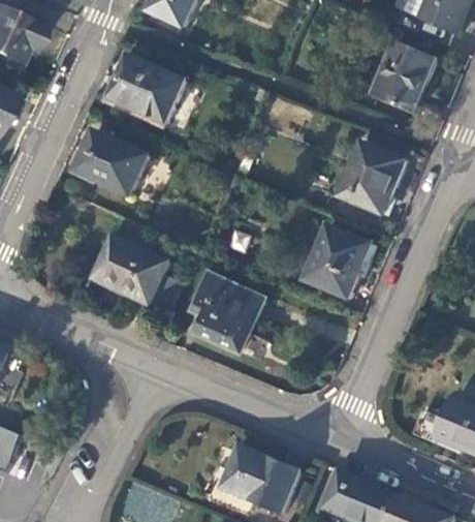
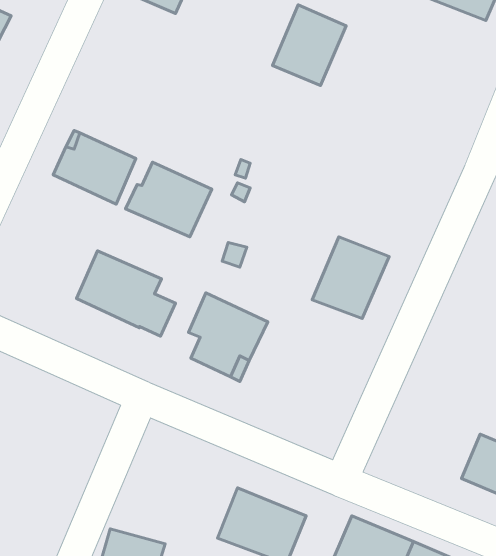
building: [370,41,435,113] -> [273,5,346,85]
building: [105,57,182,123] -> [126,162,212,237]
building: [336,143,403,215] -> none

